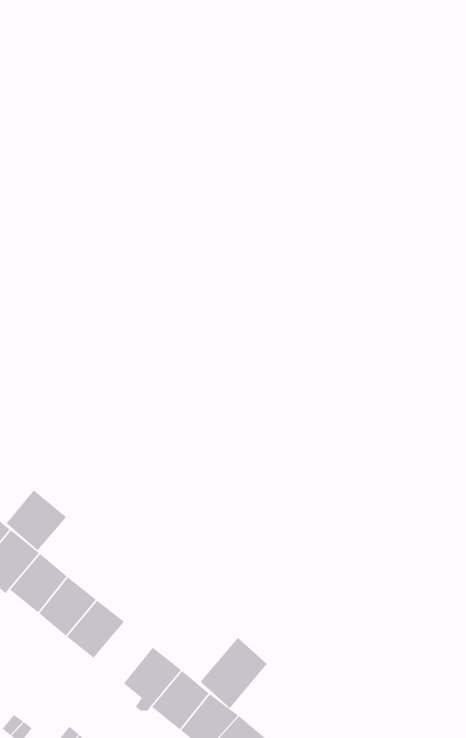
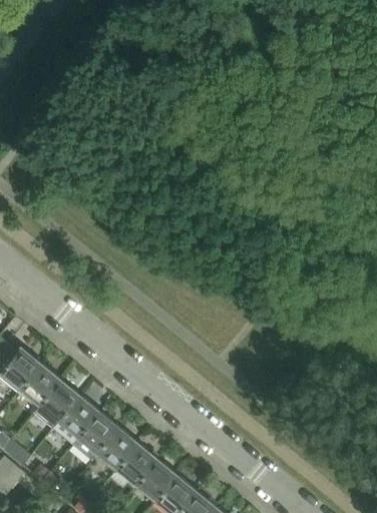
building: [6,490,67,551] -> none
building: none -> [98,428,138,470]
building: [200,637,267,709] -> none

